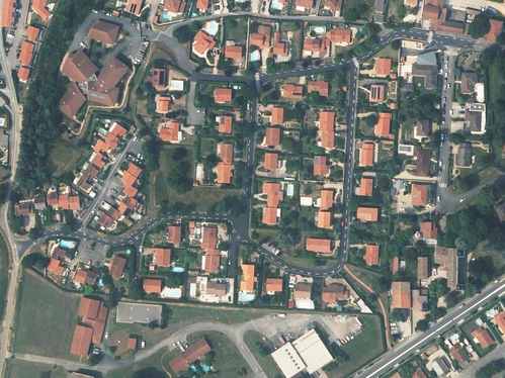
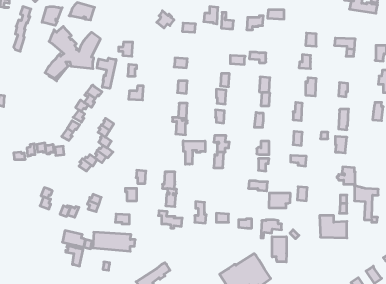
building: none -> [42,7,62,25]
building: none -> [97,58,116,88]
building: none -> [183,141,205,164]
building: none -> [269,193,290,208]
building: none -> [272,237,286,262]
building: [71,325,92,355] -> none

